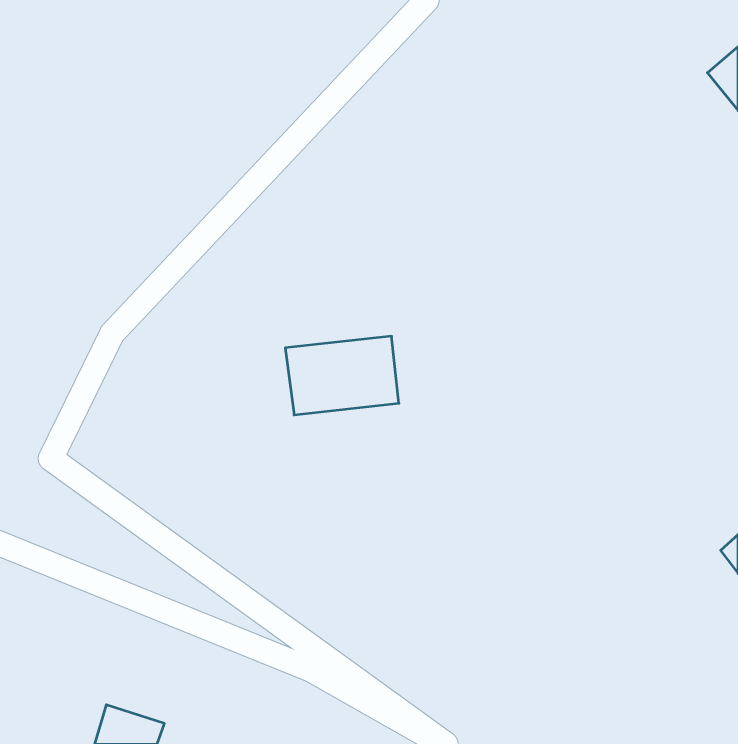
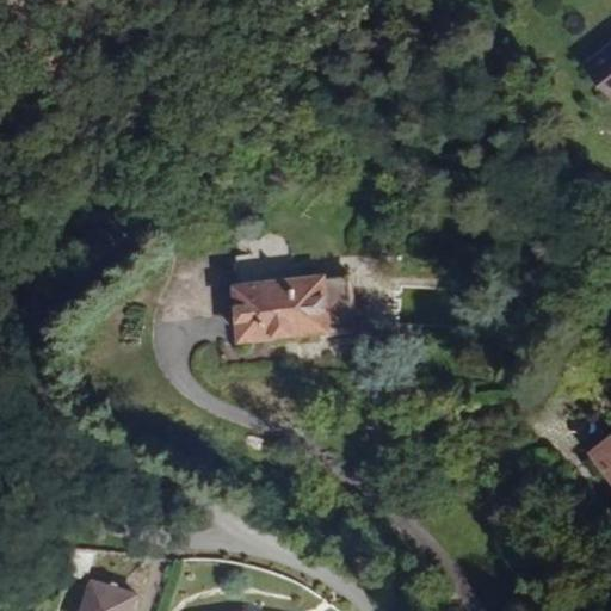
building: none -> [321,273,353,331]

